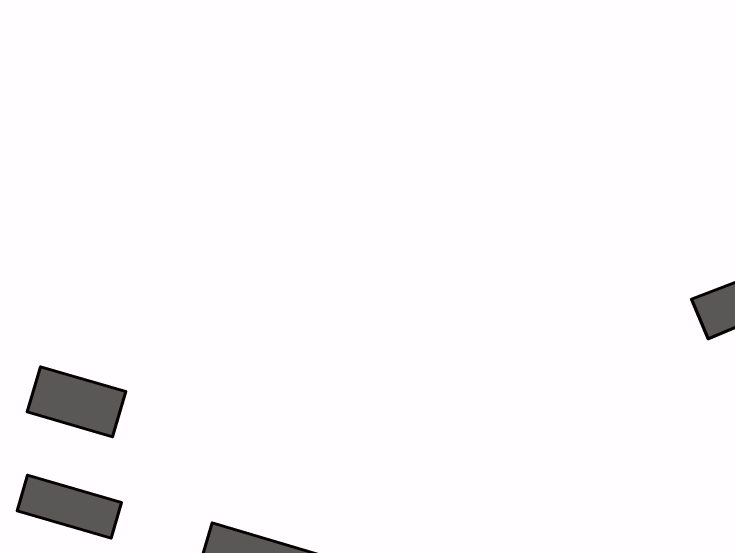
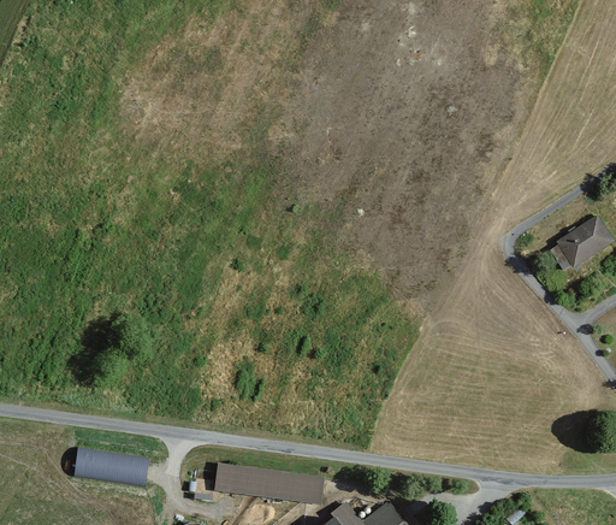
building: [27,367,126,437] -> none

